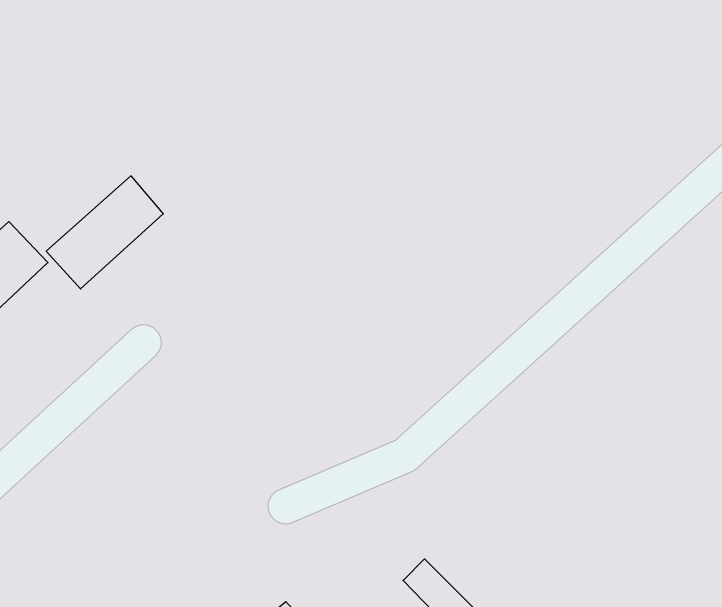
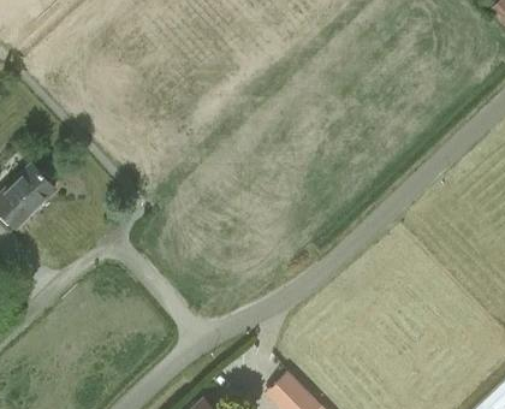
building: [46,176,163,289] -> none

